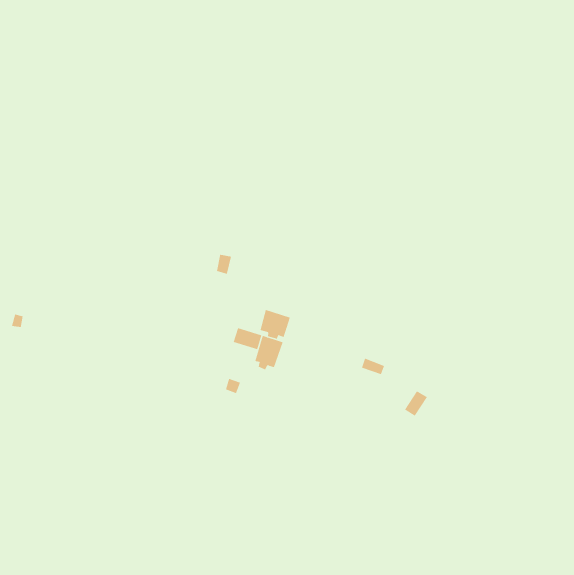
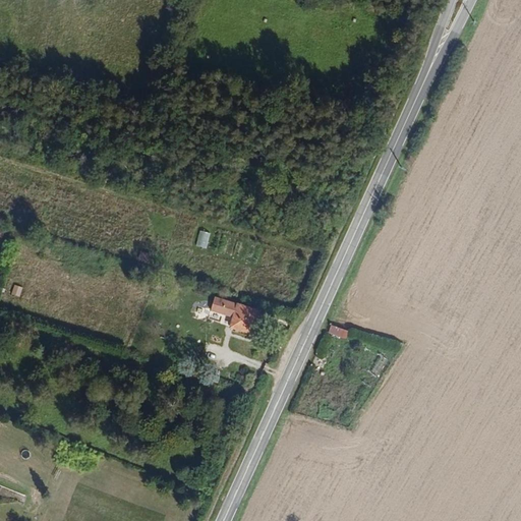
building: [260,309,291,339] -> none

